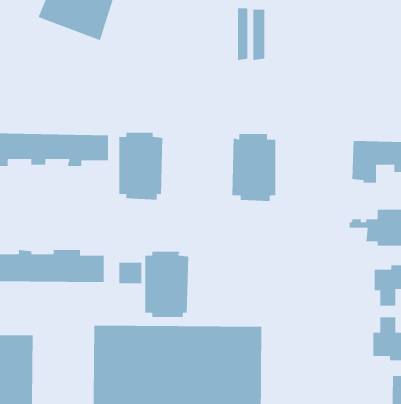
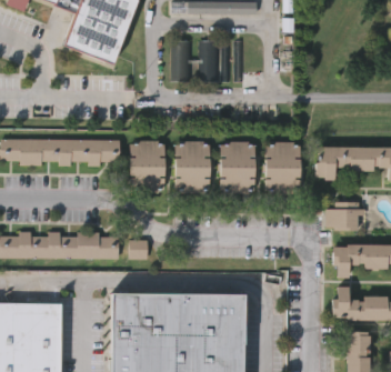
building: none -> [173,40,196,81]
building: none -> [201,41,222,83]
building: none -> [265,140,301,194]
building: [144,251,189,318] -> [174,140,210,193]

